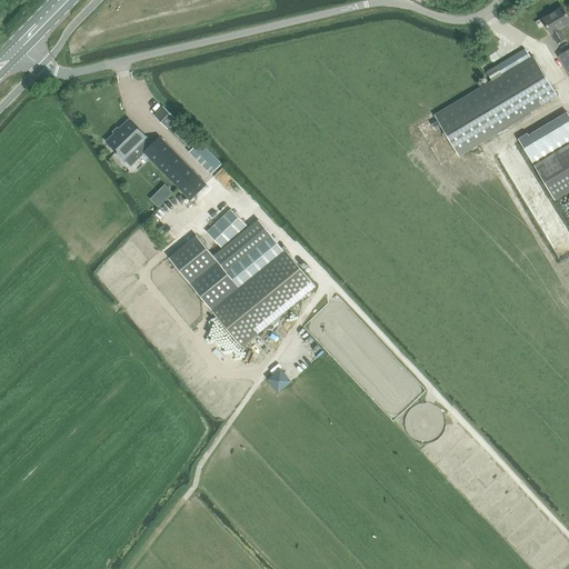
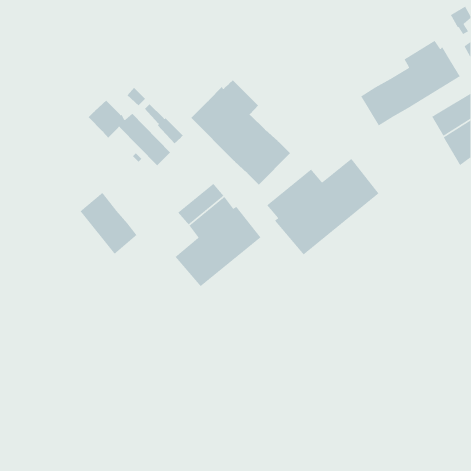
building: none -> [190,79,291,186]
building: none -> [266,158,380,256]
building: [207,209,246,248] -> none
building: [168,233,238,309] -> [79,192,138,255]

